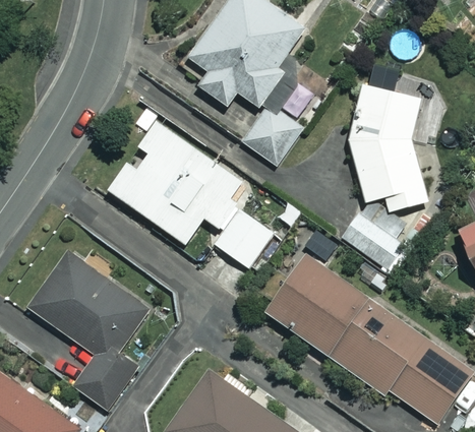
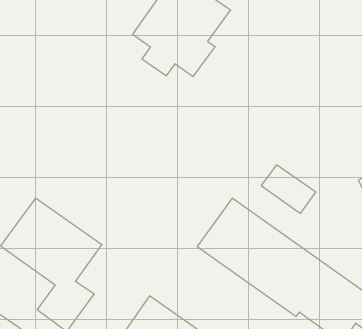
building: [349,82,427,211] -> none
building: [240,100,306,167] -> none
building: [108,121,274,268] -> none

